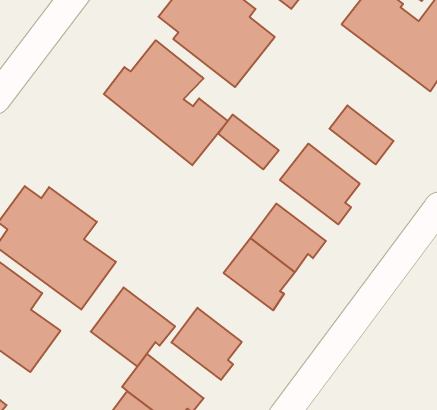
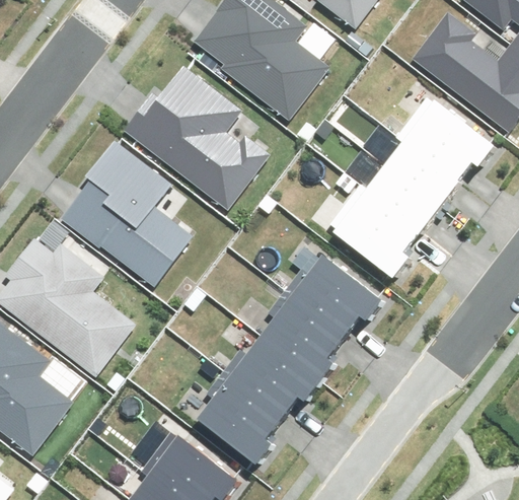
building: none -> [399,97,495,183]
building: none -> [61,138,192,288]
building: [218,115,279,169] -> [368,168,439,232]
building: none -> [231,337,319,417]
building: [91,287,175,366] -> none

